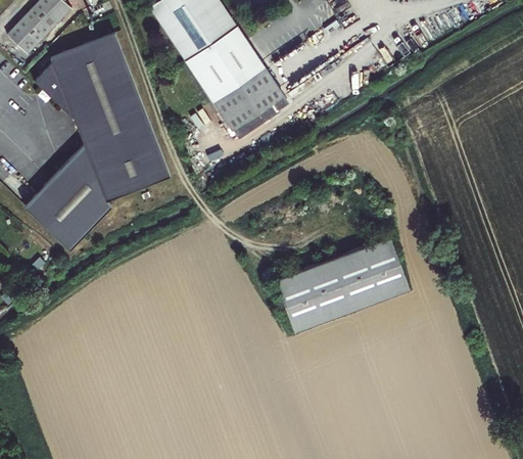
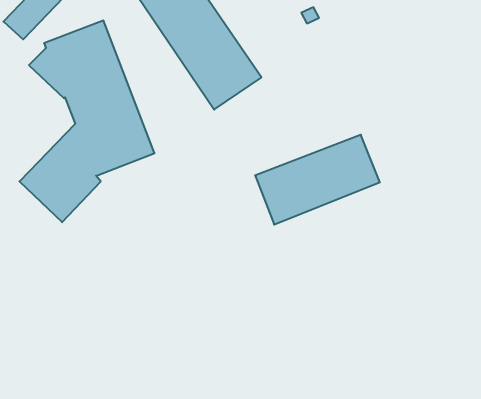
building: [275,237,410,334] -> [255,135,380,225]

